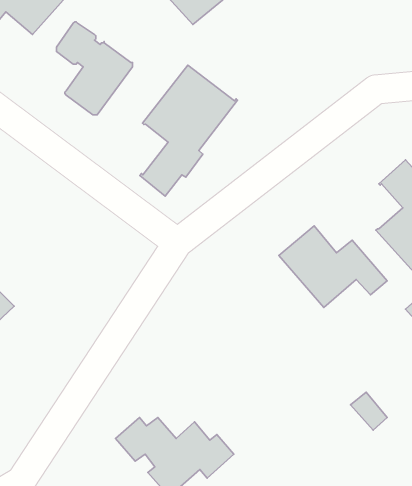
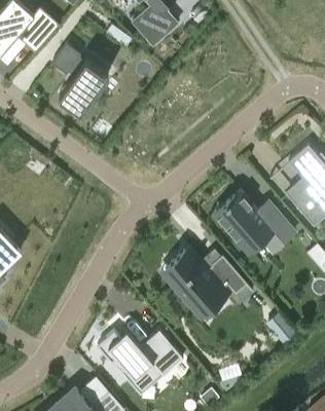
building: [140,65,237,196] -> none
building: none -> [165,253,253,311]

